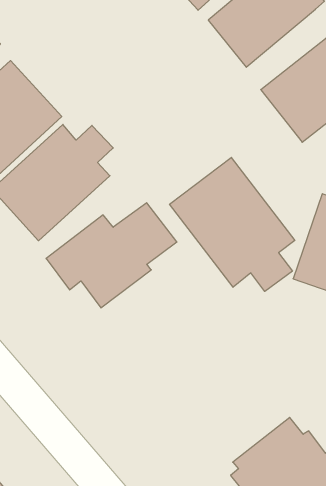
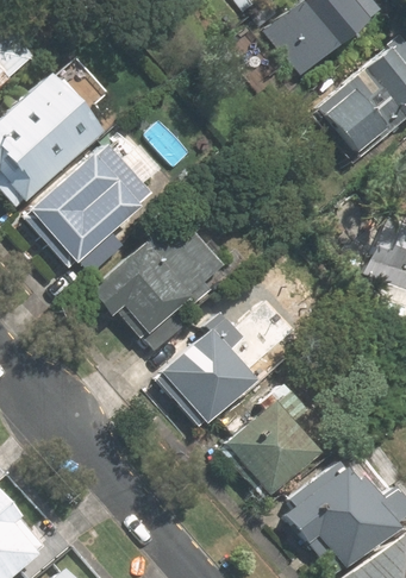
building: [170,157,295,291] -> none
building: none -> [160,310,262,433]
building: none -> [216,381,318,495]

